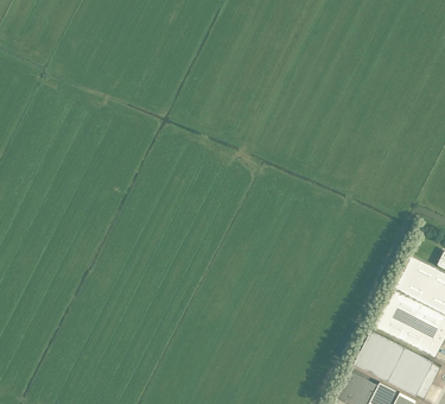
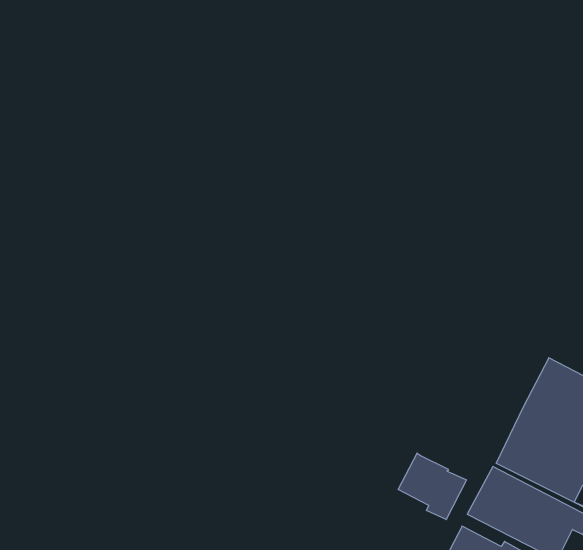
building: none -> [398,453,467,520]

